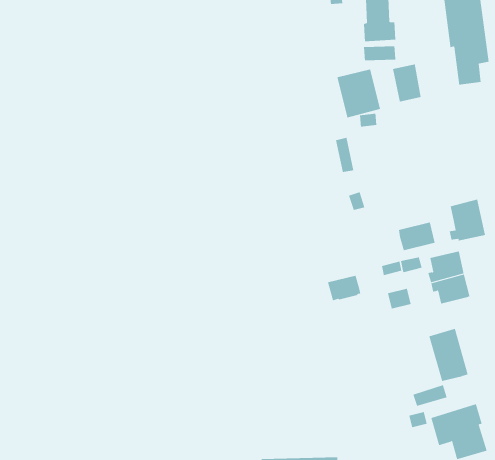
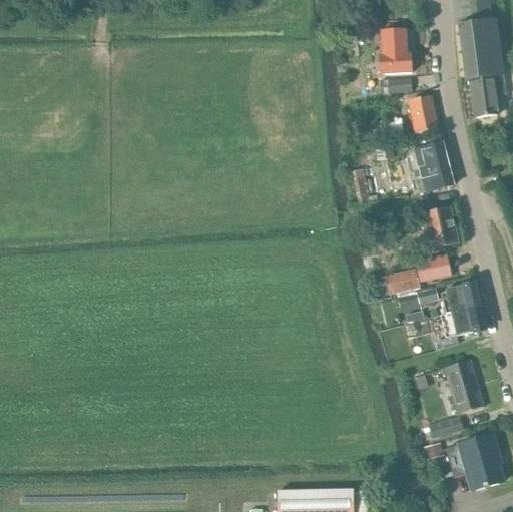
building: [337,69,381,118] -> [408,143,452,192]
building: [449,199,486,241] -> [421,206,458,248]
building: [327,275,361,301] -> [386,268,420,294]

